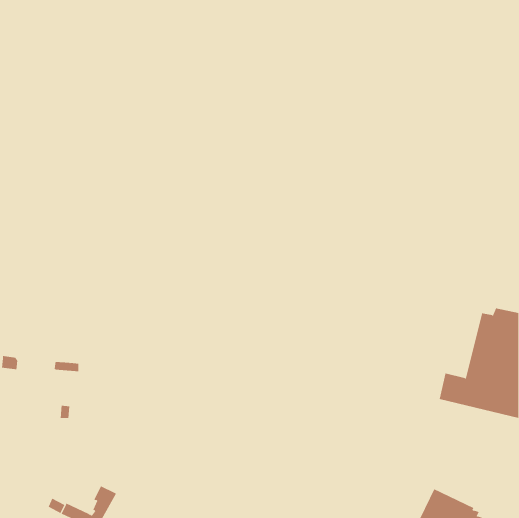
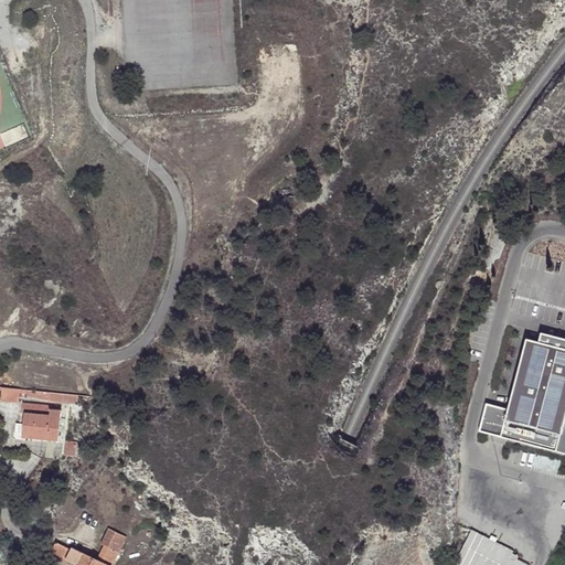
building: none -> [22,403,62,436]

